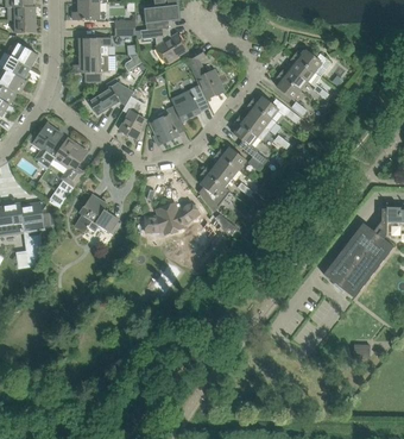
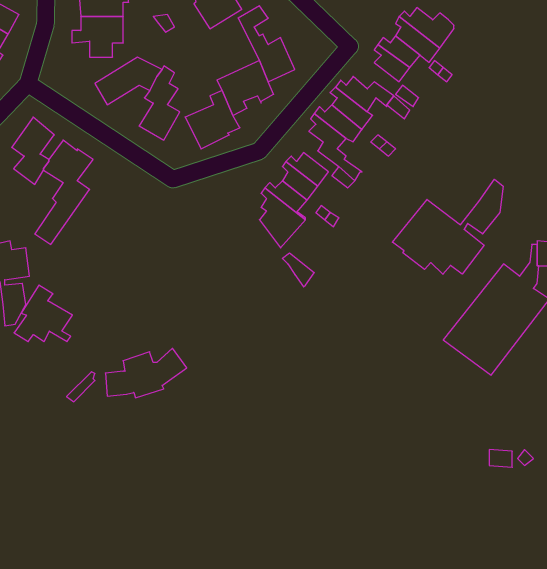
building: none -> [392,179,503,274]
building: [74,194,113,232] -> [14,285,72,342]
building: [144,200,198,233] -> [105,348,187,398]

